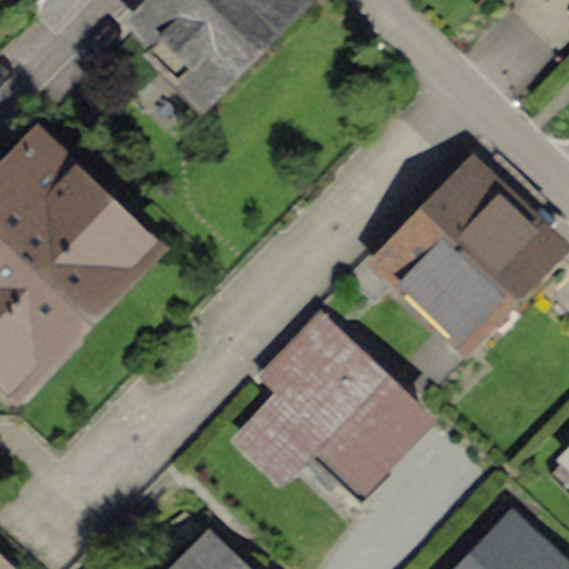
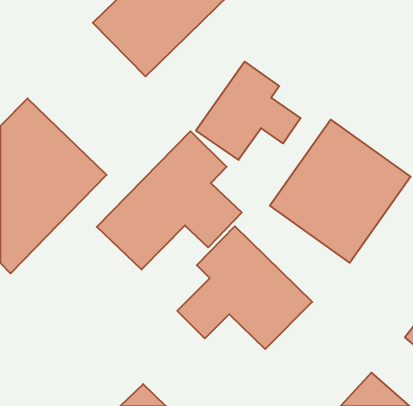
building: none -> [196,62,301,160]
building: none -> [97,131,242,270]

